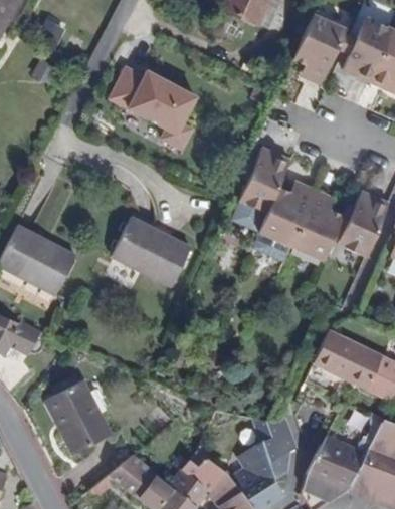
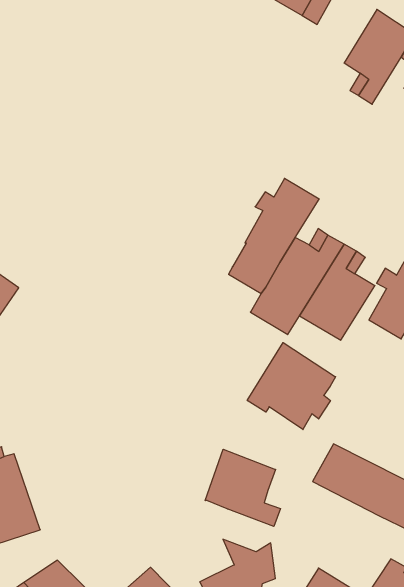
building: [113,66,198,148] -> none
building: [111,215,190,284] -> none
building: none -> [247,343,336,430]
building: none -> [205,449,280,526]

